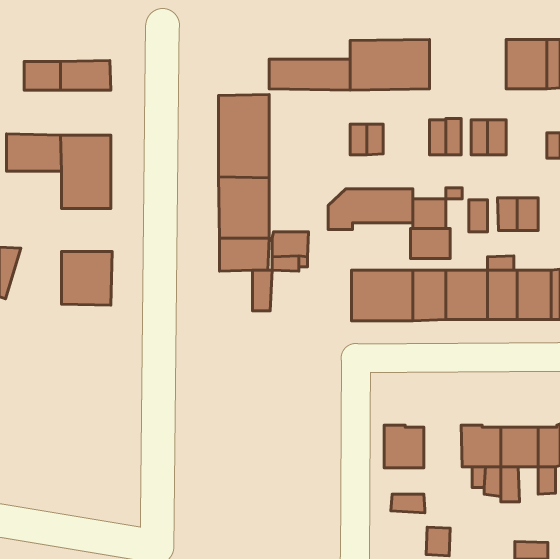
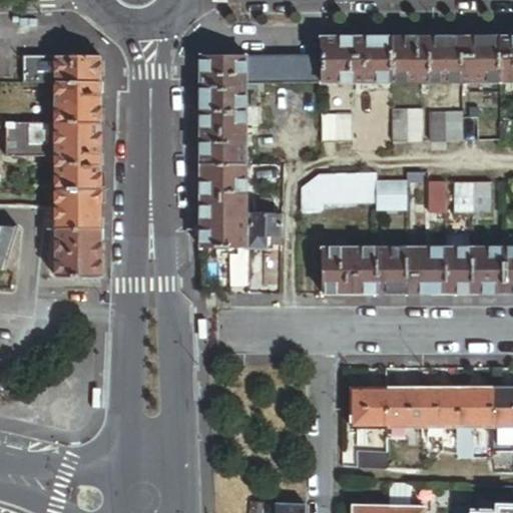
building: none -> [392,36,462,81]
building: none -> [199,54,245,87]
building: none -> [55,82,101,123]
building: none -> [56,190,102,229]
building: [410,228,450,258] -> none
building: none -> [387,388,422,427]

